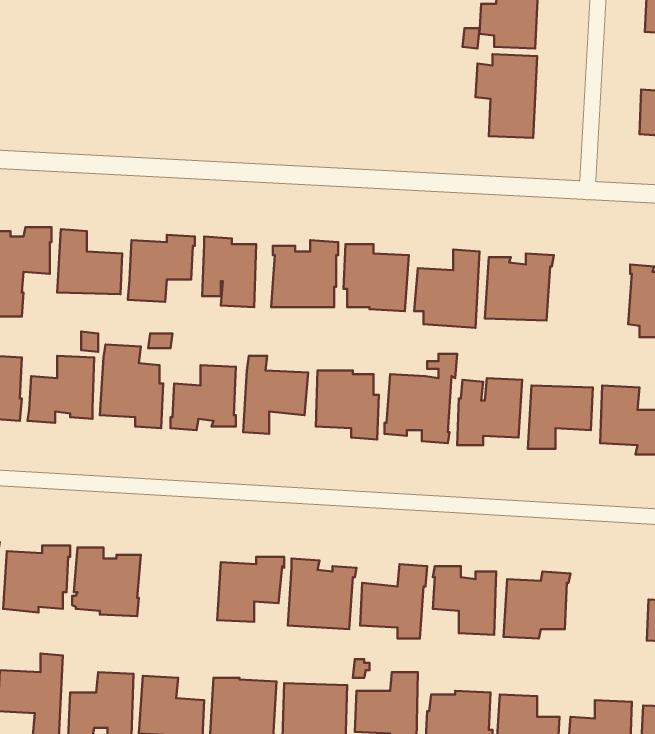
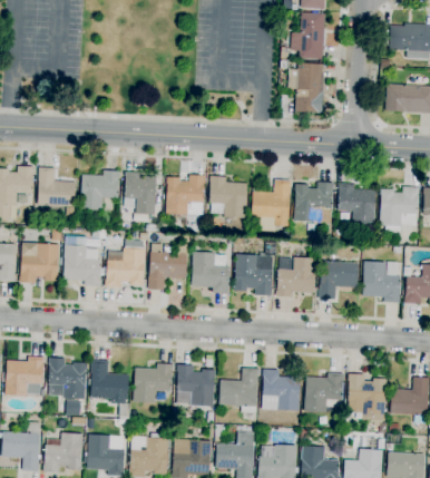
building: none -> [338,183,377,224]
building: none -> [91,360,131,419]
building: none -> [348,373,388,420]

